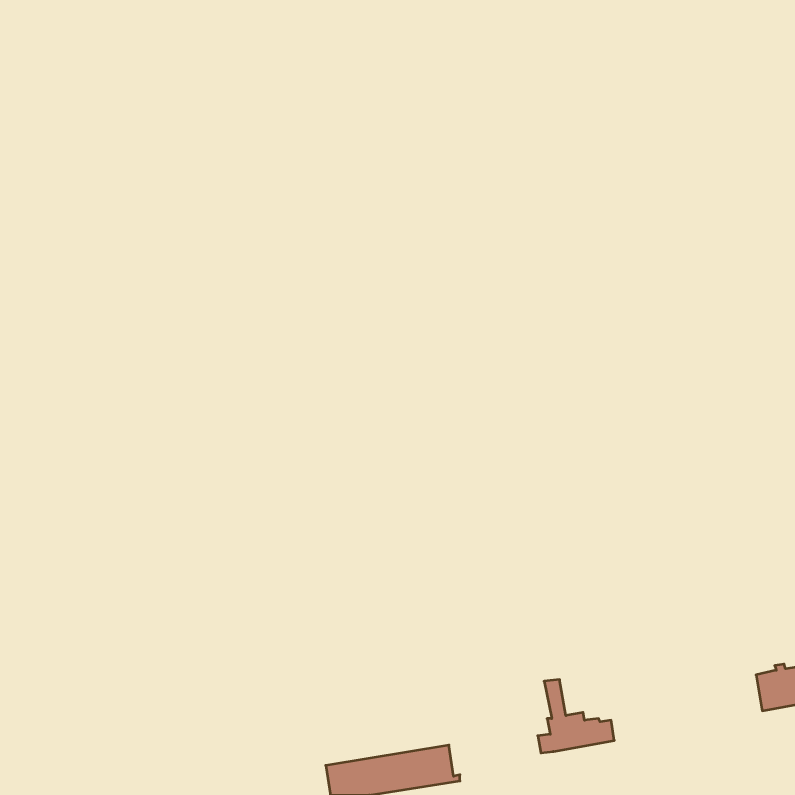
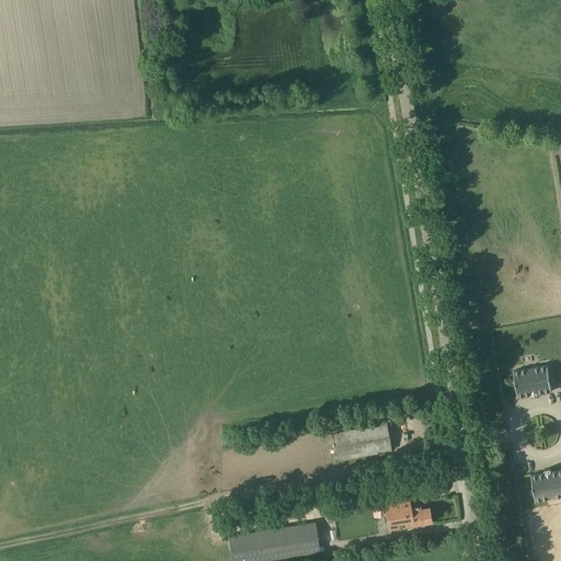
building: none -> [515,364,553,397]
building: none -> [334,423,392,458]

